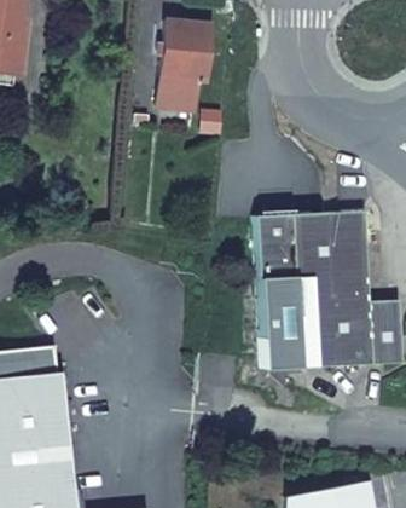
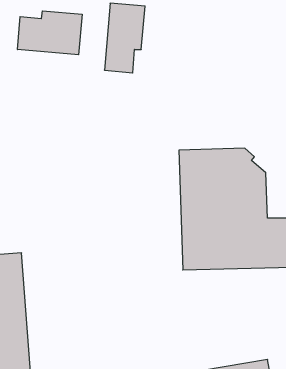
building: none -> [18,11,82,55]

